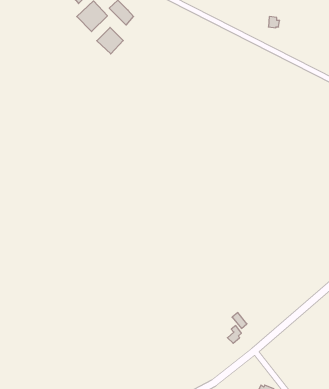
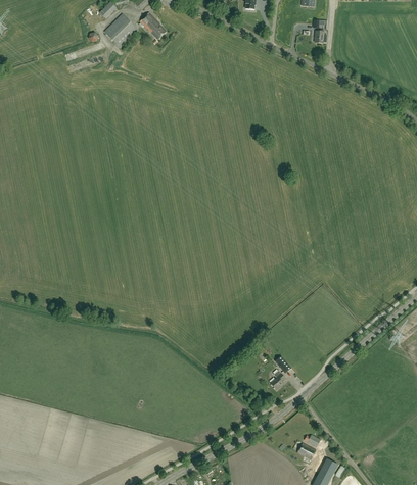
building: [97,27,123,54] -> none

